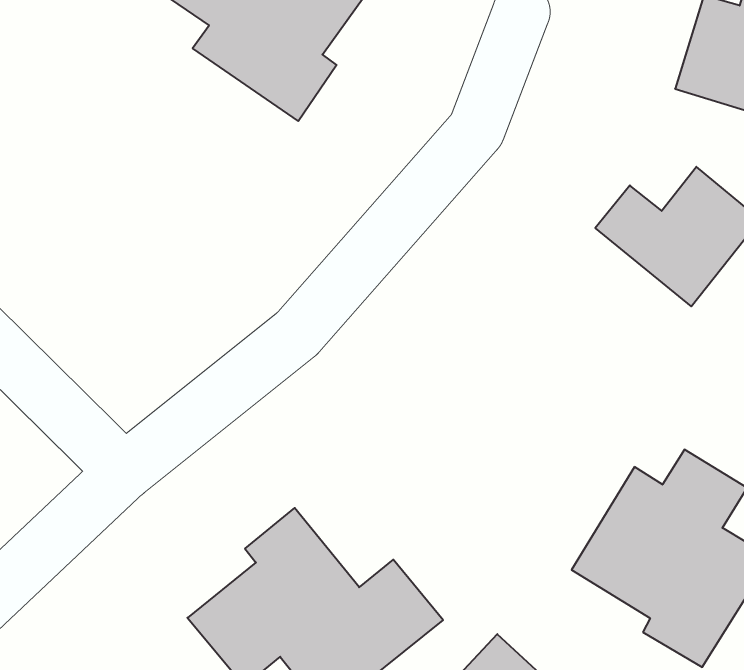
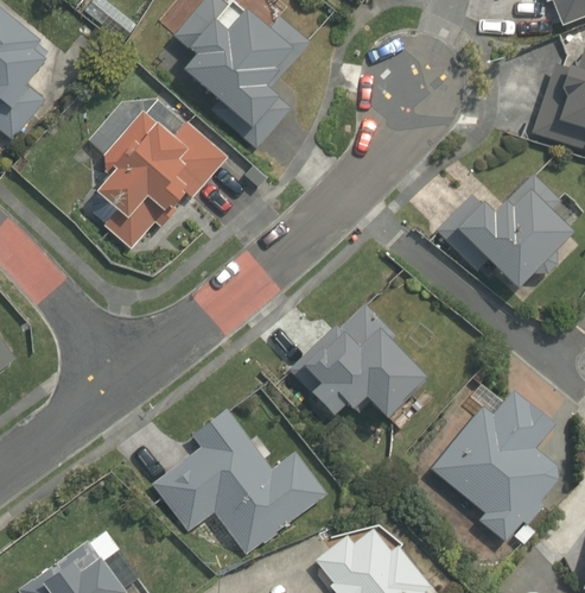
building: none -> [94,106,227,250]
building: none -> [304,305,434,422]

